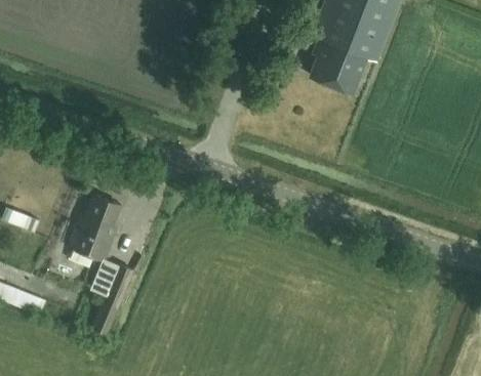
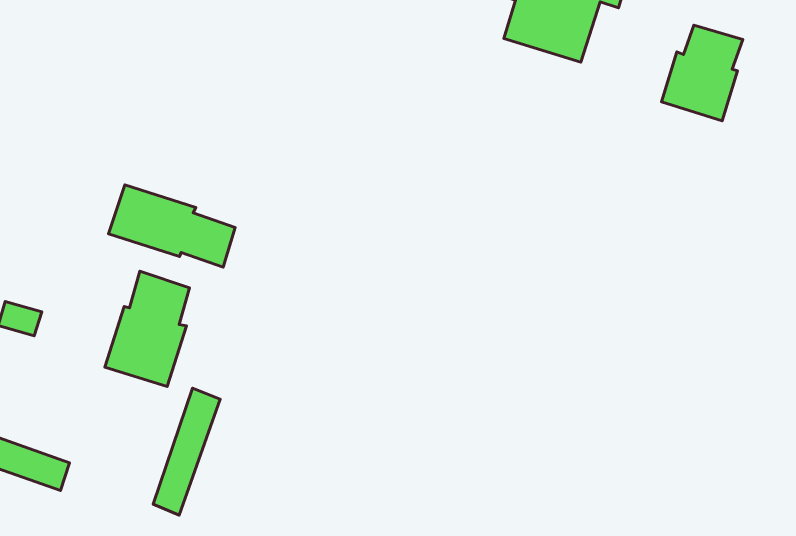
building: none -> [662,25,743,121]
building: none -> [108,185,235,267]

